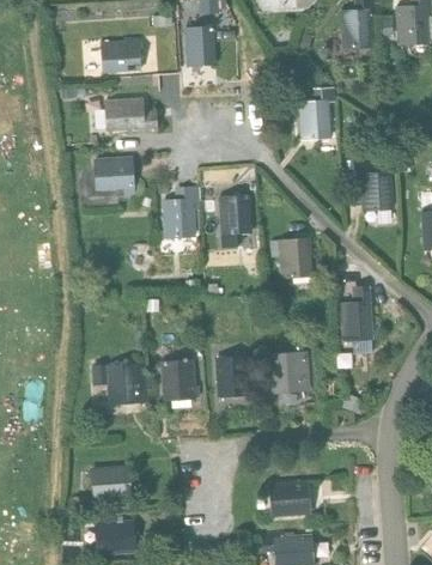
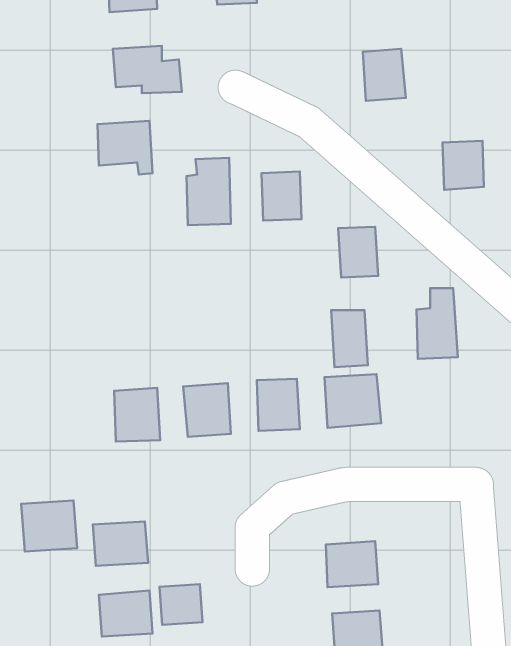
building: none -> [331,310,368,367]
building: none -> [21,501,77,551]
building: none -> [159,584,203,625]

